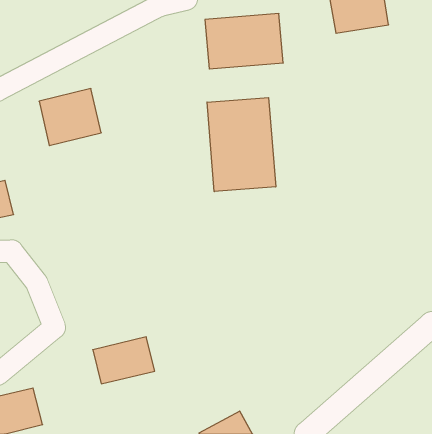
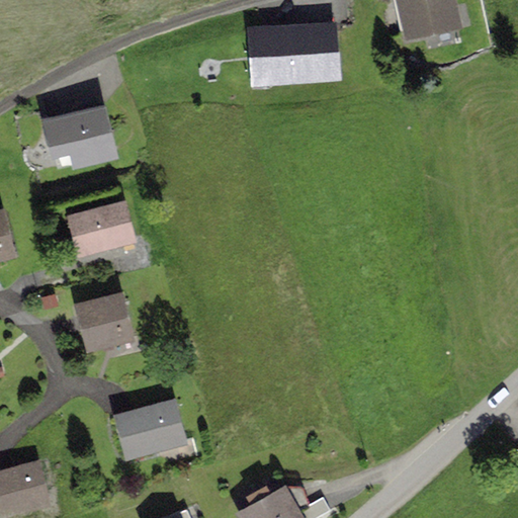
building: [207,98,276,192] -> none
building: none -> [67,201,140,261]
building: none -> [76,295,135,351]

